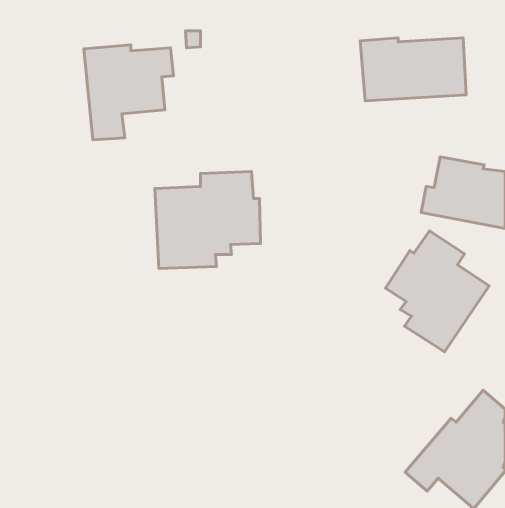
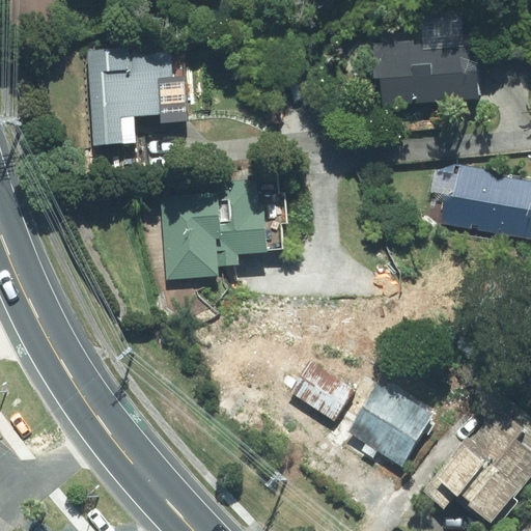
building: [385,231,489,352] -> none
building: none -> [290,359,437,467]

